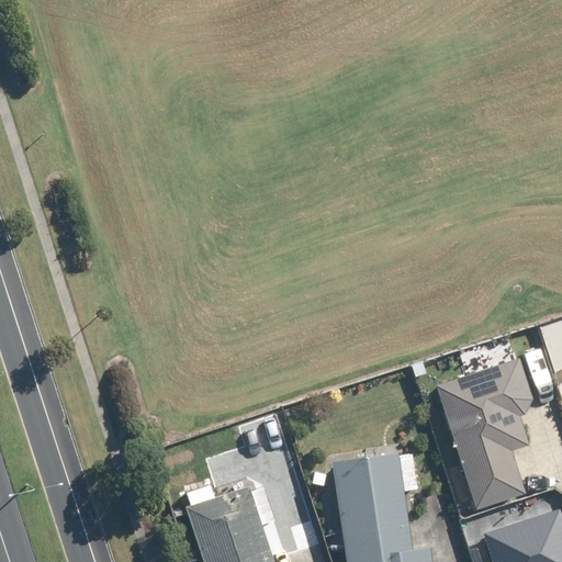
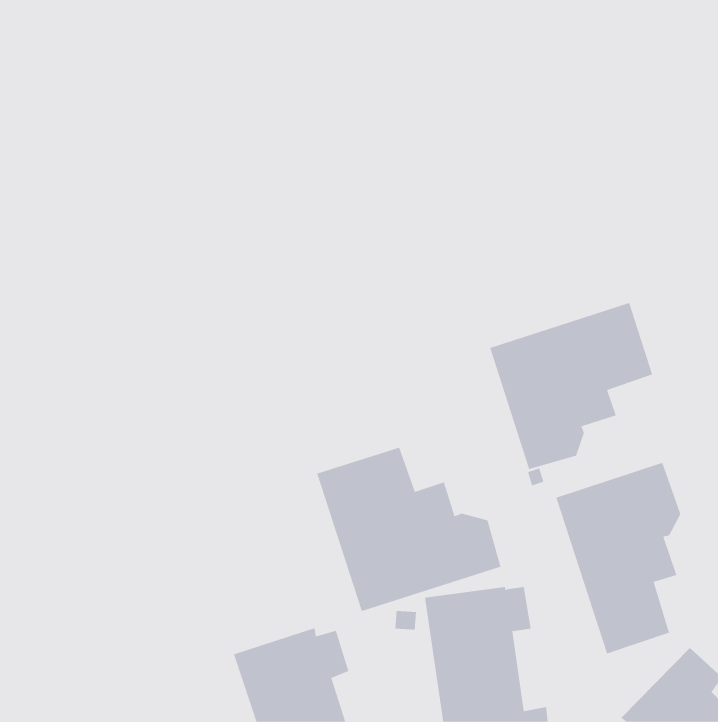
building: none -> [490,302,653,470]
building: none -> [317,447,501,612]

